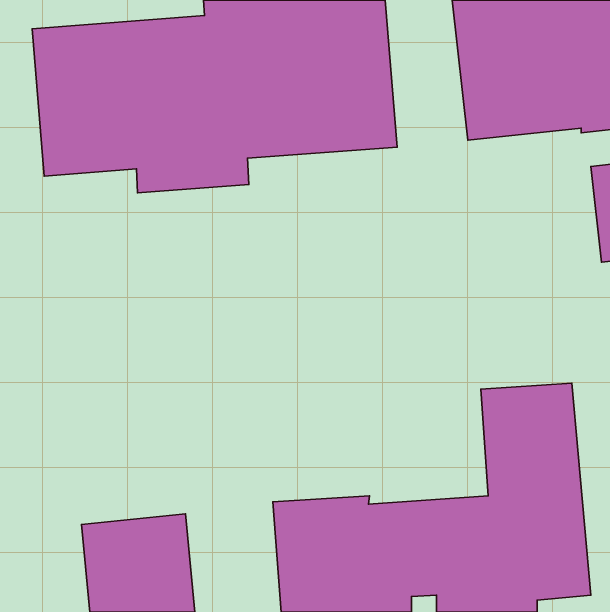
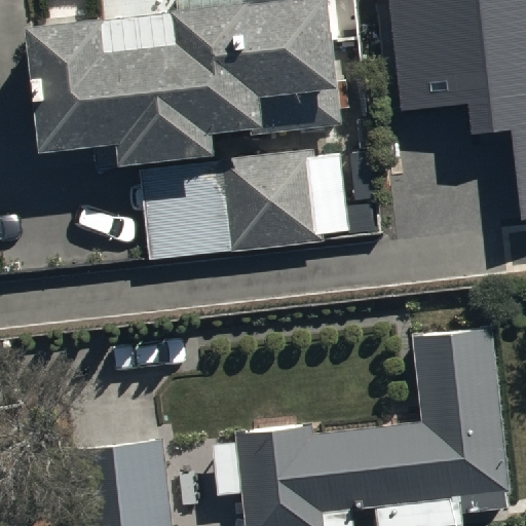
building: none -> [138,151,349,257]

